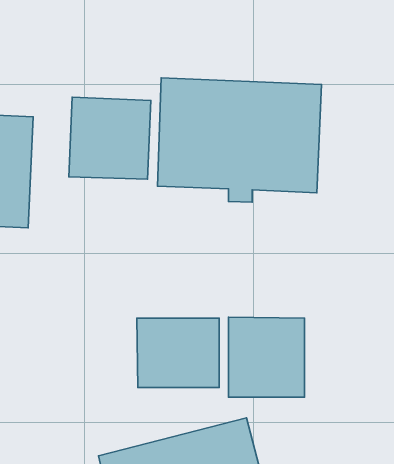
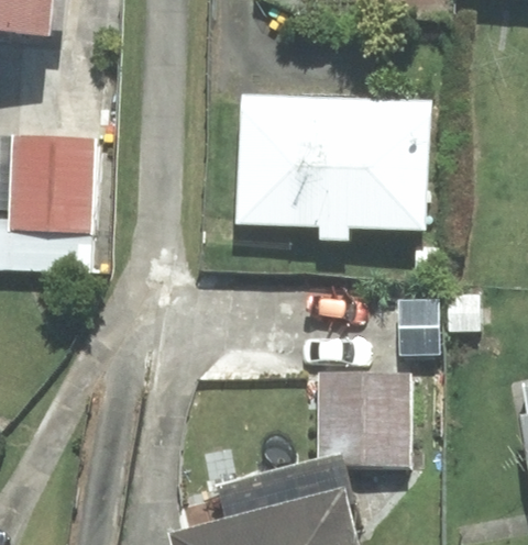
building: [69,97,151,179] -> none
building: [137,318,219,388] -> none

